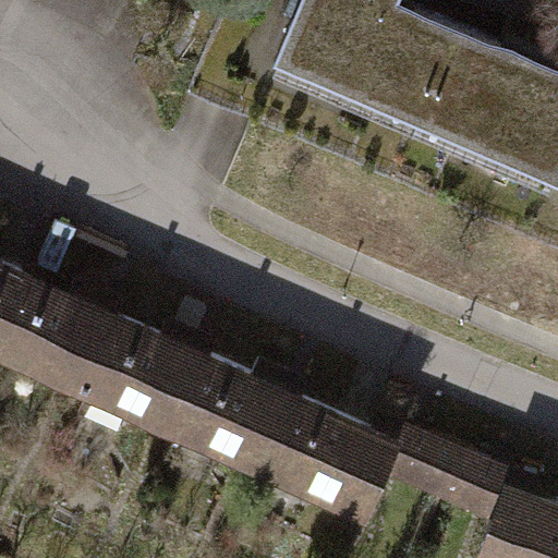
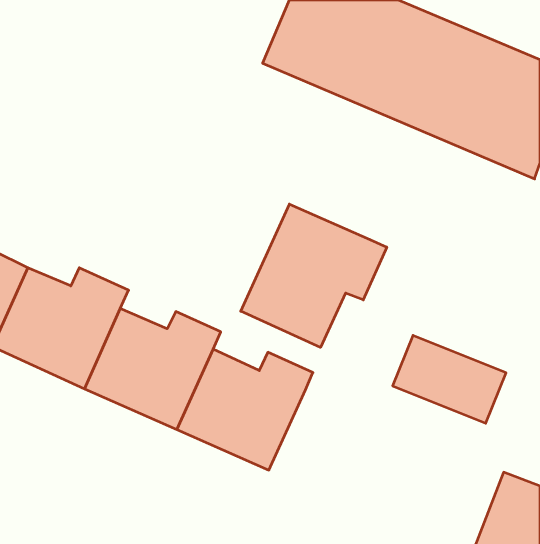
building: none -> [241,204,387,347]
building: [274,400,404,524] -> none
building: [398,429,513,519] -> [393,335,506,423]

